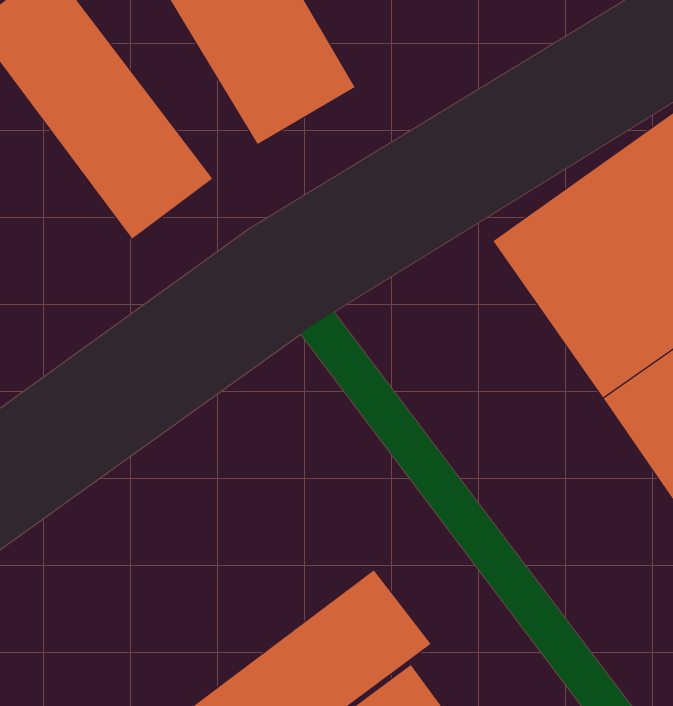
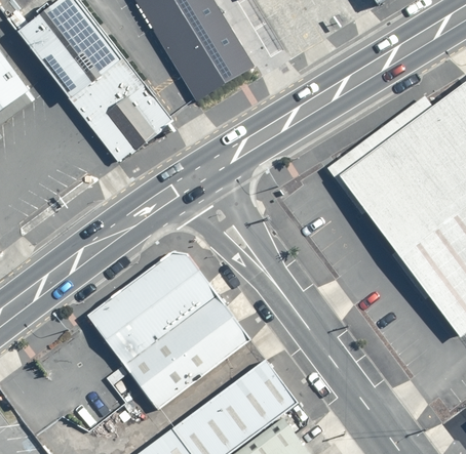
building: none -> [85,246,248,408]

